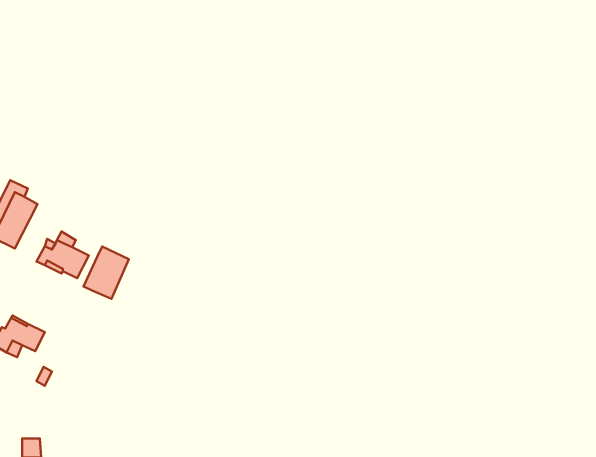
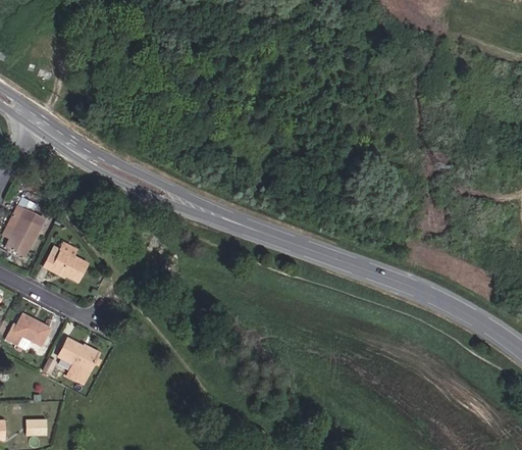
building: [84,246,129,299] -> none
building: none -> [59,338,99,383]

